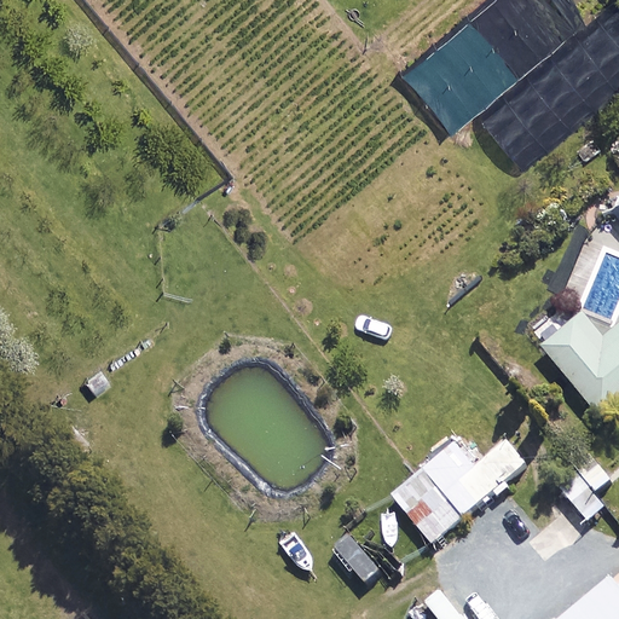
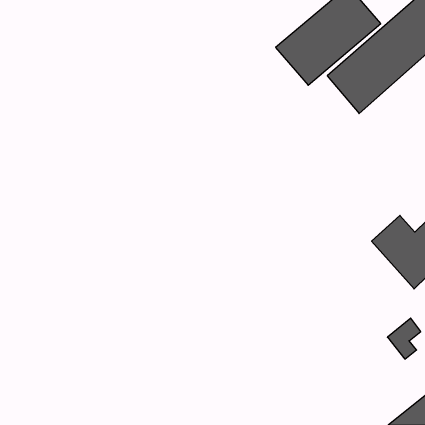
building: [407,440,526,540] -> none

